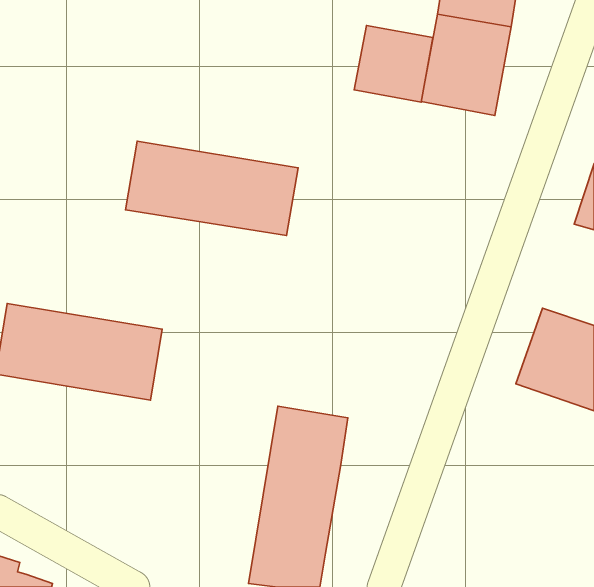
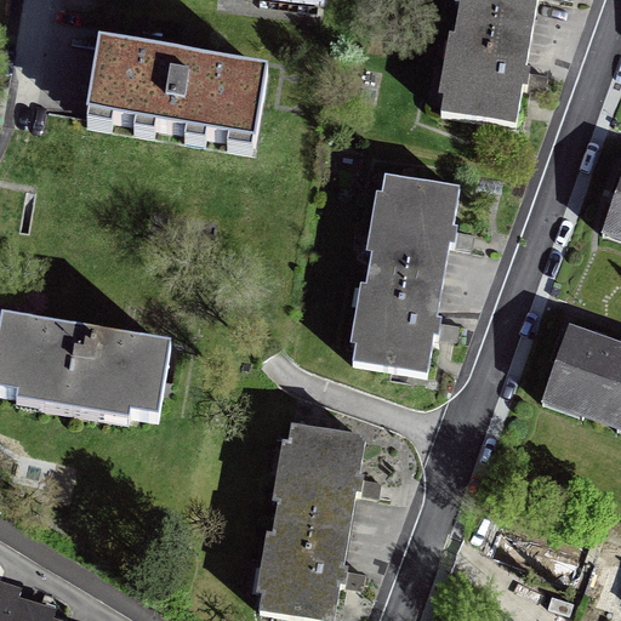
building: [354,25,433,102] -> none
building: [126,141,298,236] -> [85,39,264,137]
building: none -> [354,172,458,372]

